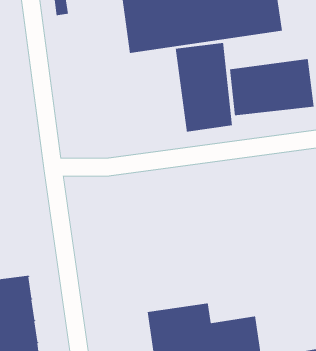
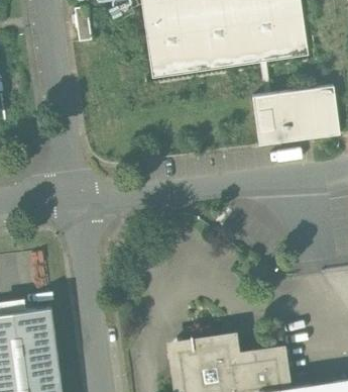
building: [175,42,232,132] -> none

